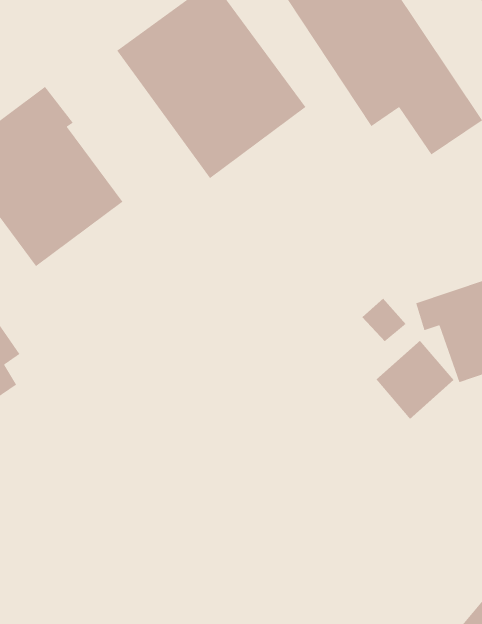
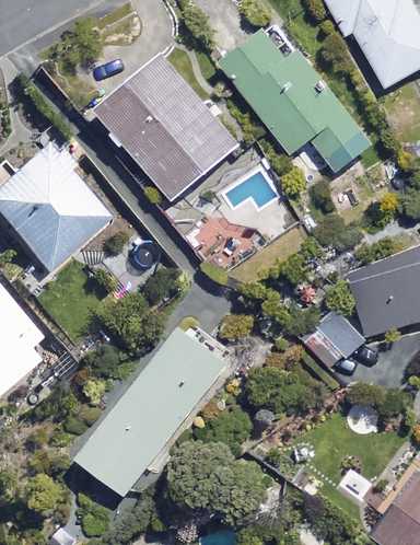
building: none -> [75,320,236,496]

